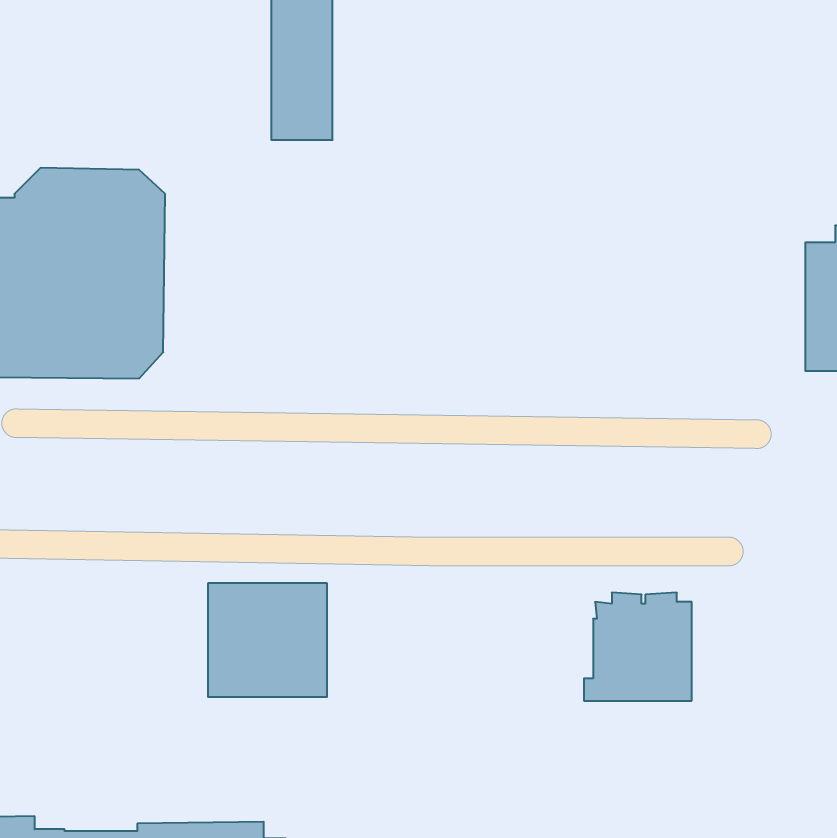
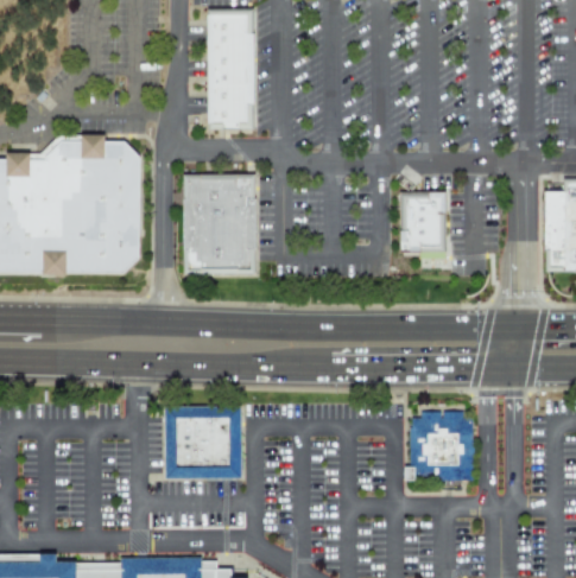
building: none -> [188,180,251,272]
building: none -> [399,193,445,254]

